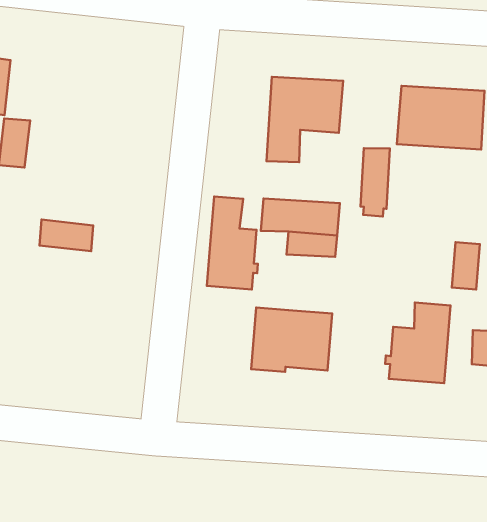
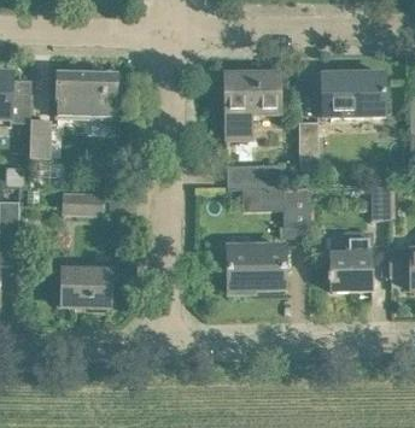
building: none -> [57,72,116,118]
building: [207,196,258,289] -> none
building: none -> [284,187,310,223]
building: none -> [62,268,111,307]

